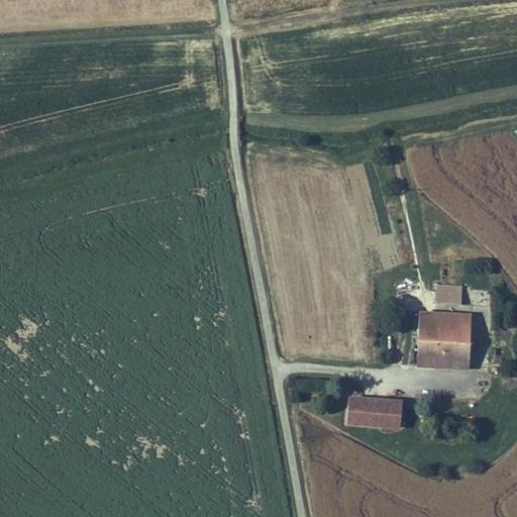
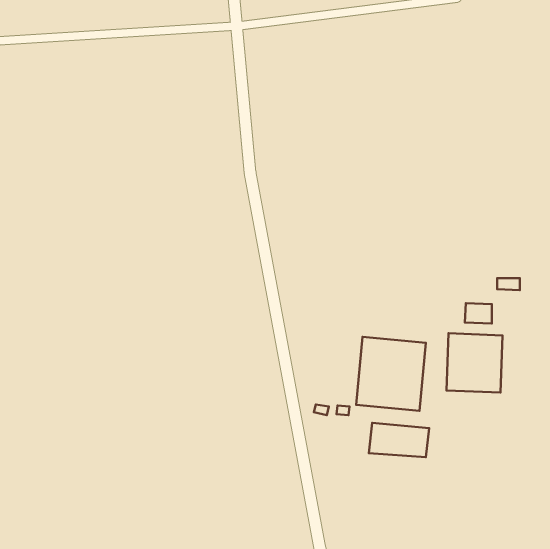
building: none -> [356,337,426,411]

